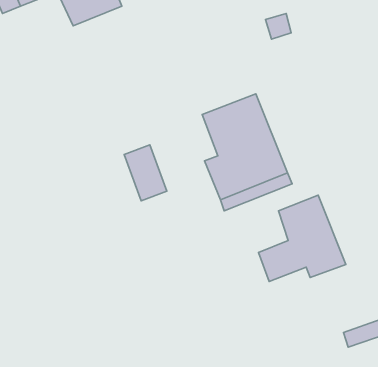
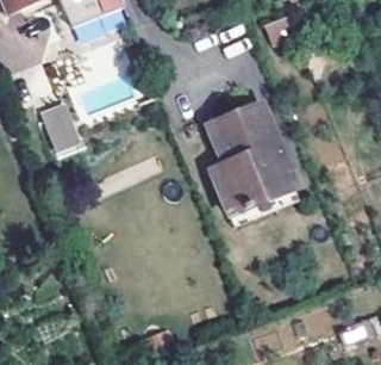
building: [124,145,167,201] -> [42,99,83,154]
building: [258,195,346,282] -> none

